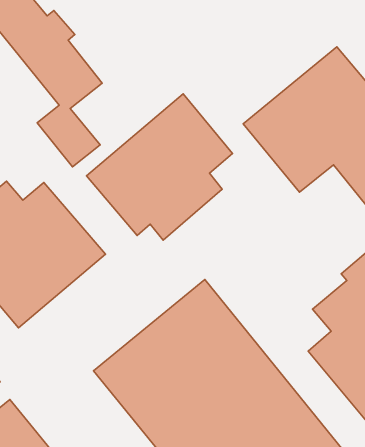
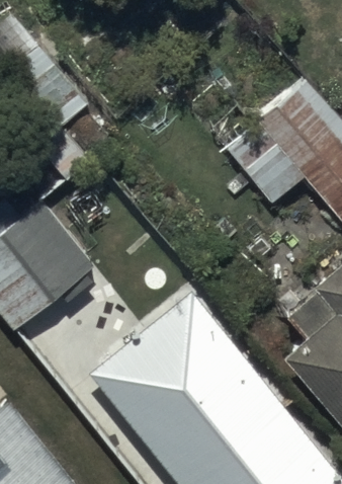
building: [86,94,233,240] -> none

